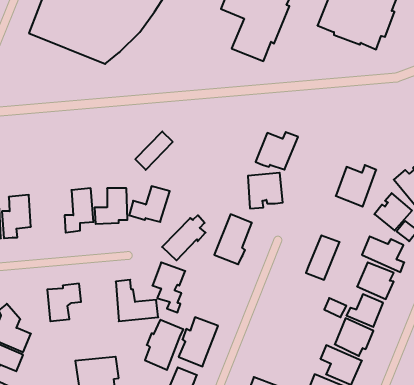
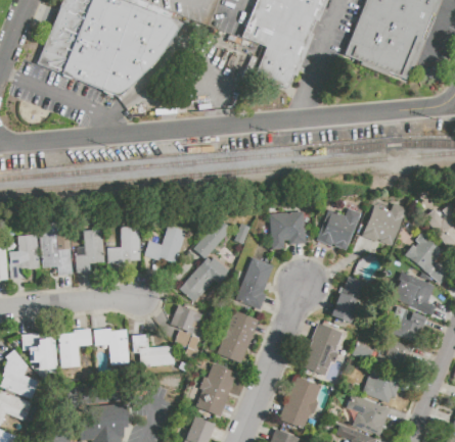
building: [135,131,173,170] -> [192,218,232,259]
building: [256,132,298,170] -> [316,208,361,248]
building: none -> [39,222,73,275]
building: none -> [301,322,343,377]
building: none -> [93,328,129,363]
building: none -> [20,333,57,370]
building: [145,320,183,370] -> [217,309,258,362]
building: none -> [279,377,320,429]

